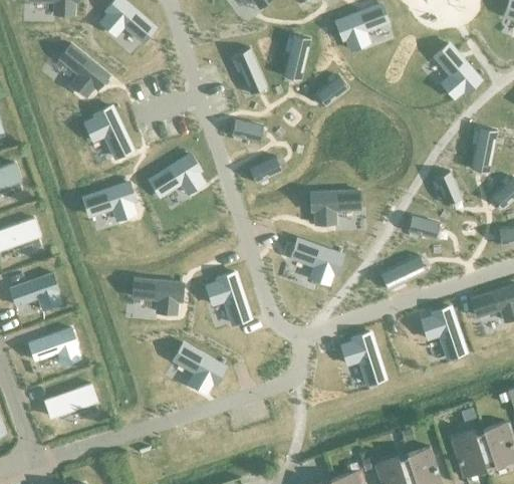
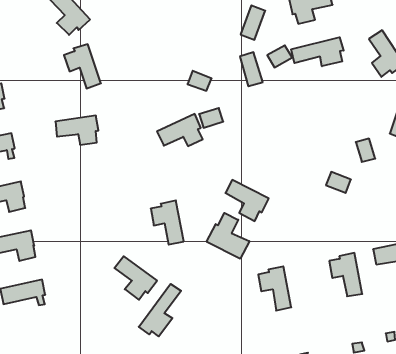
building: [234,48,264,88] -> [240,52,263,86]
building: none -> [291,37,344,66]
building: [150,155,204,196] -> [157,114,203,146]
building: [310,191,359,224] -> none
building: [380,259,421,290] -> none
building: [133,279,183,313] -> none
building: none -> [207,213,249,259]
building: none -> [139,284,181,336]

